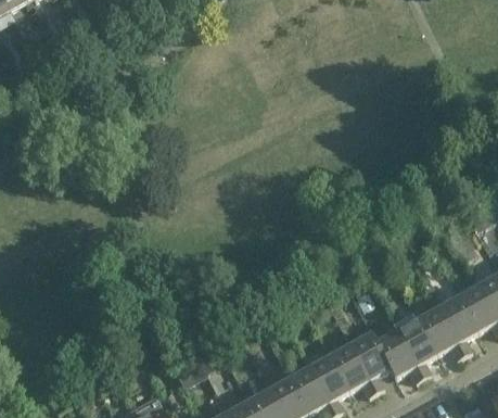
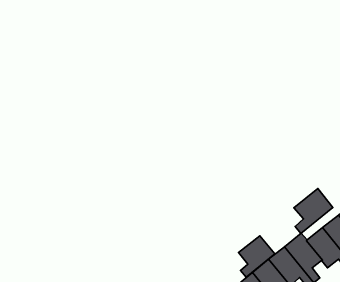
building: none -> [294,188,333,234]
building: none -> [238,236,275,277]

